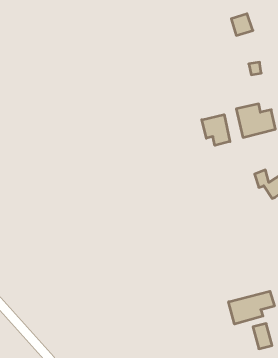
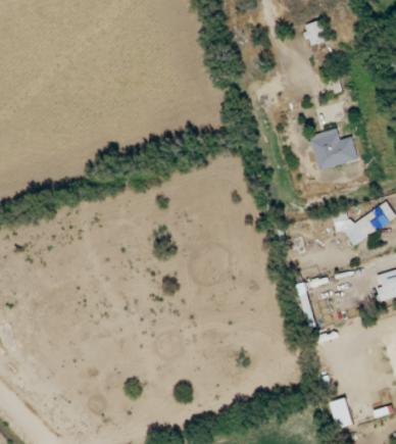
building: [202,115,230,145] -> none
building: [229,291,274,324] -> none

